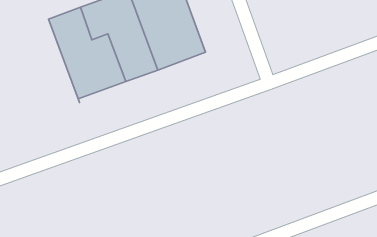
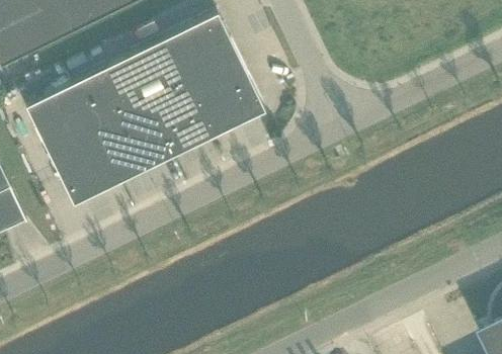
building: none -> [25,87,118,201]

